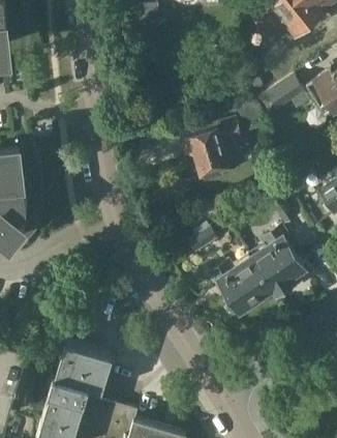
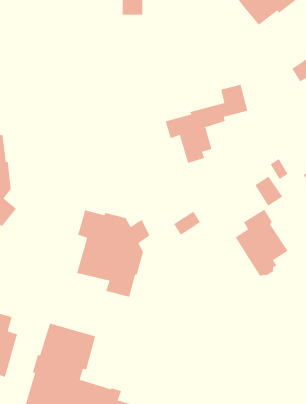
building: [257,74,306,116] -> none
building: none -> [77,209,150,297]
building: [210,256,276,314] -> none

